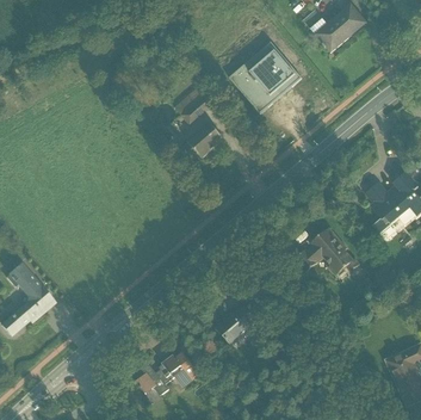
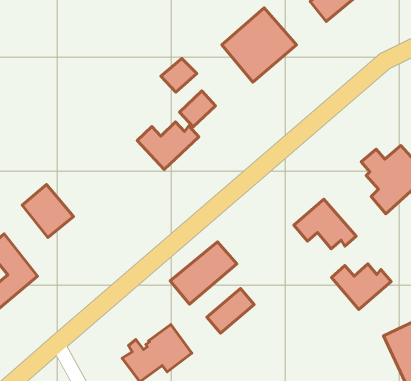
building: none -> [137,122,199,169]
building: none -> [22,185,73,237]
building: none -> [170,242,237,304]
building: none -> [331,264,391,309]

